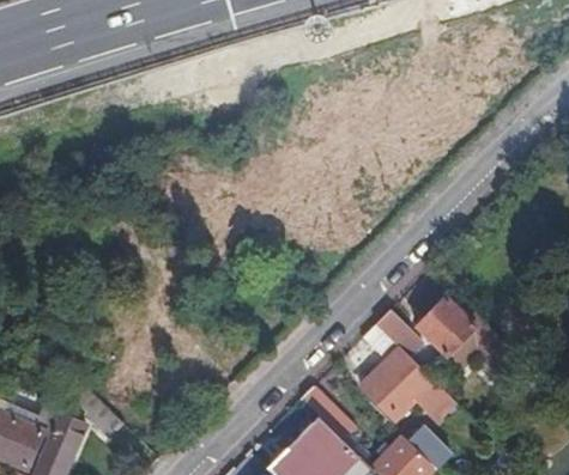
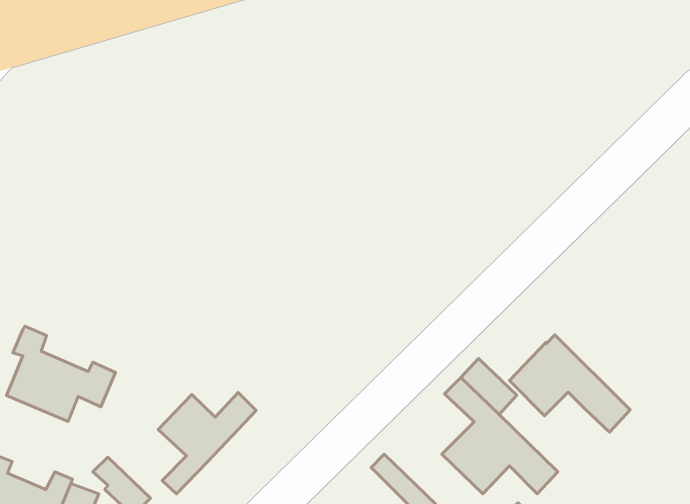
building: none -> [6,326,116,421]
building: none -> [158,393,256,494]

